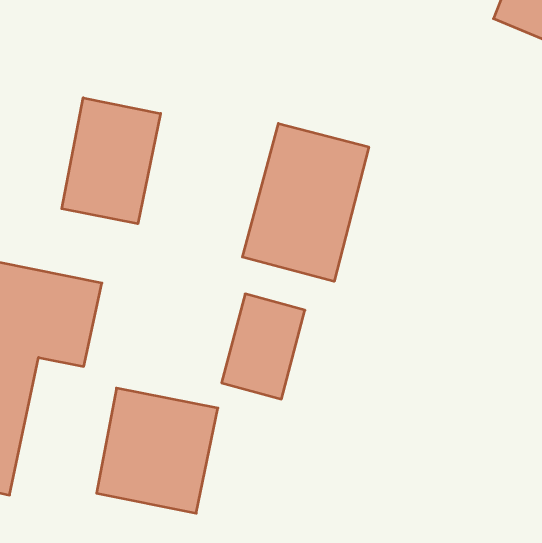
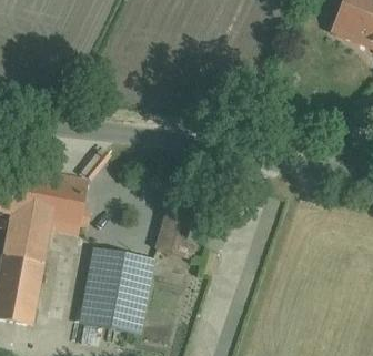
building: [62,98,161,224] -> none
building: [242,123,369,281] -> none

